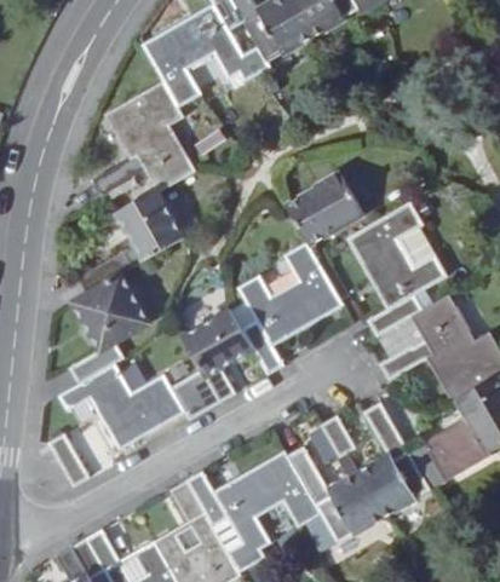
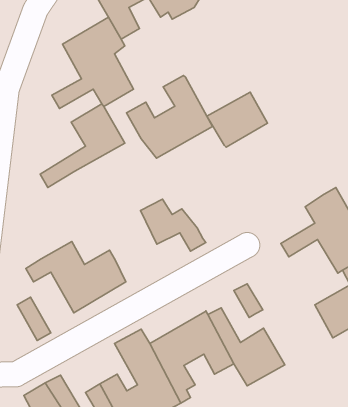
building: [347,202,448,338] -> none
building: [237,241,345,345] -> [127,75,212,158]
building: [69,273,150,384] -> none
building: [172,323,237,419] -> none
building: [358,402,431,517] -> none

